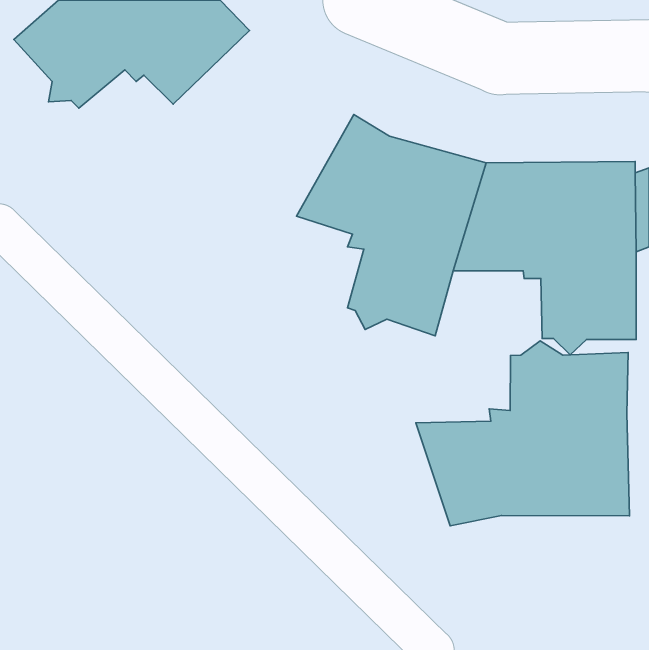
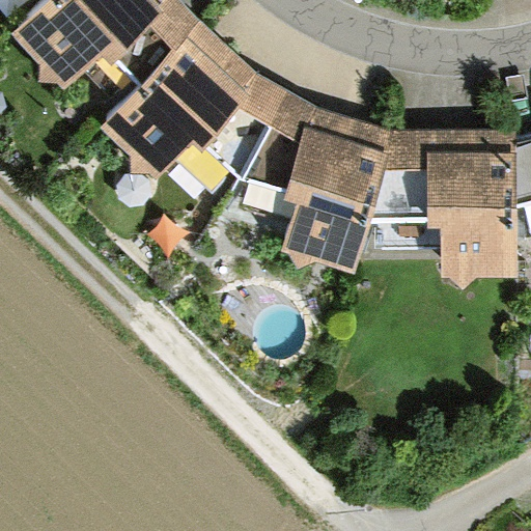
building: none -> [102,25,288,178]
building: [416,341,629,526] -> none

